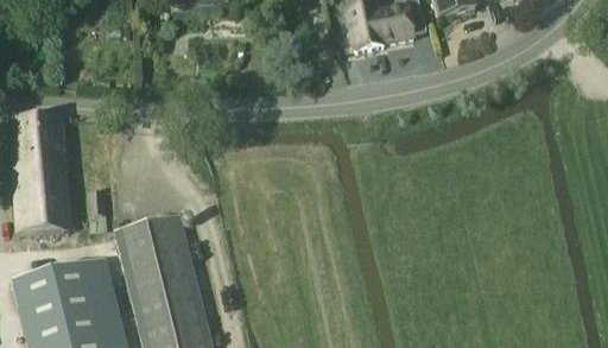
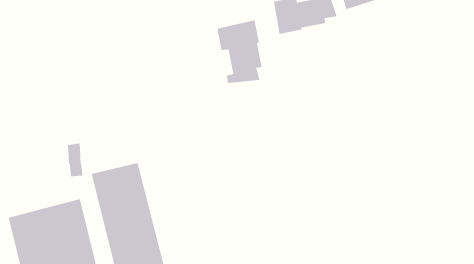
building: none -> [217,20,262,84]
building: [11,116,69,233] -> none

